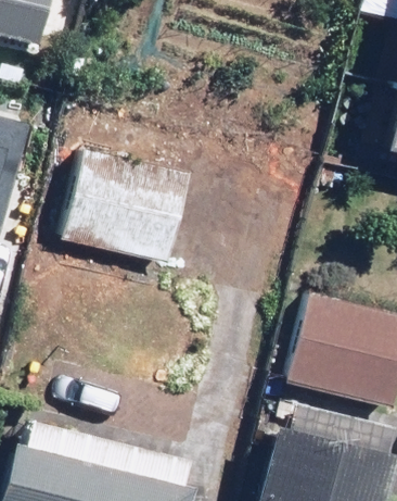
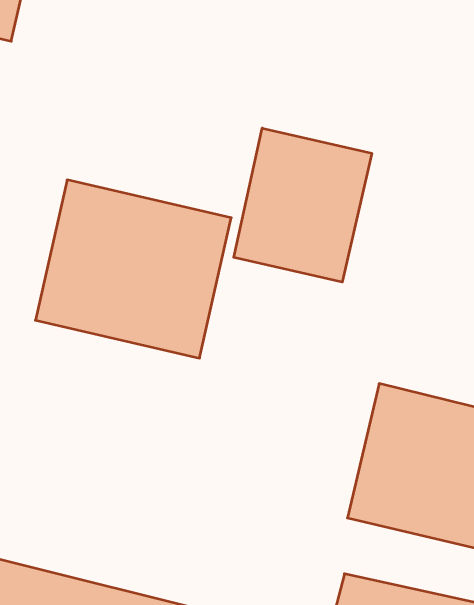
building: none -> [234,128,372,282]

